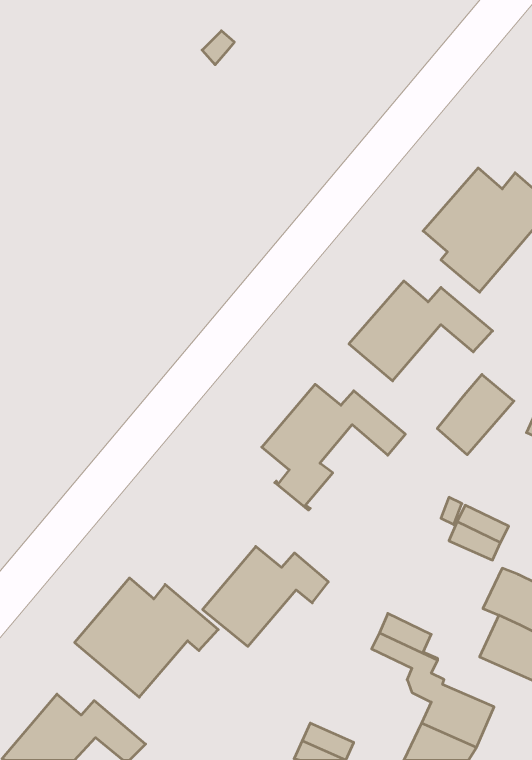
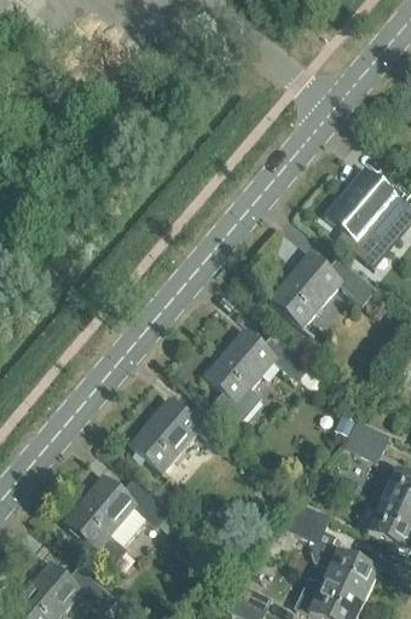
building: [437,374,514,455] -> none
building: [203,546,328,646] -> [129,398,224,473]

